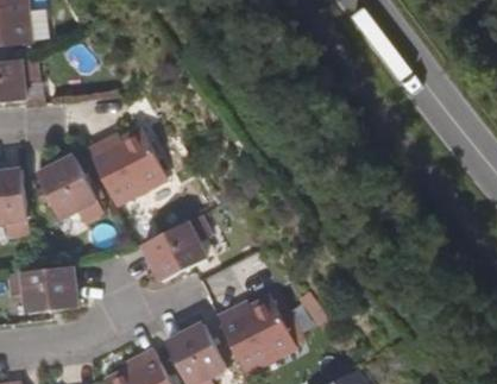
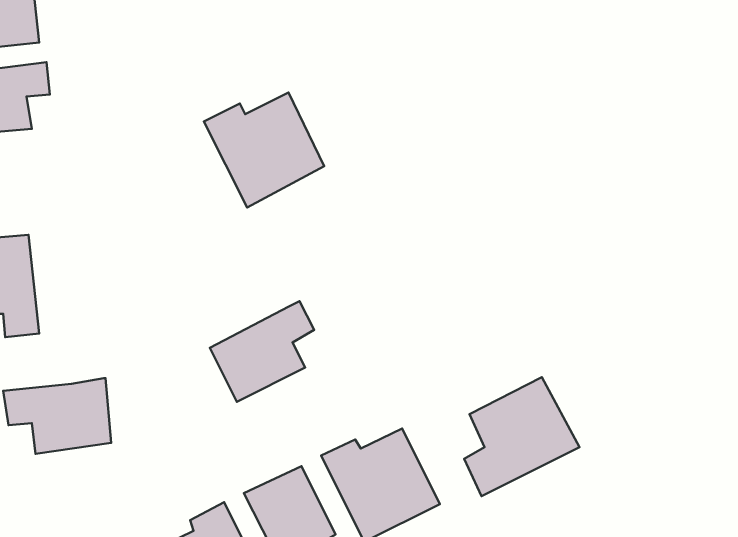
building: [87,130,166,206] -> [204,93,324,208]
building: [38,156,102,224] -> none
building: none -> [464,377,579,496]

